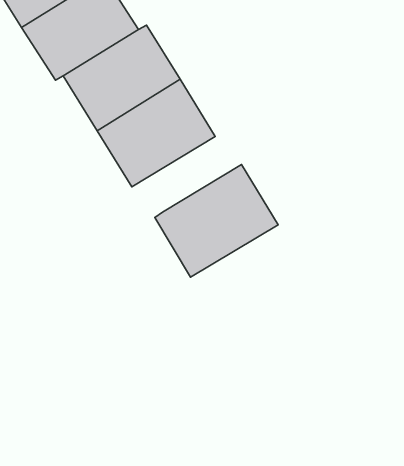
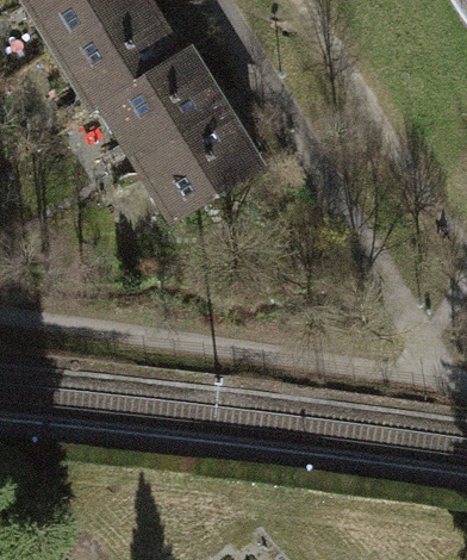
building: [155,164,278,277] -> none

